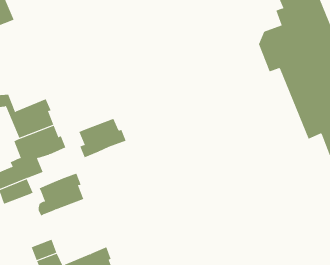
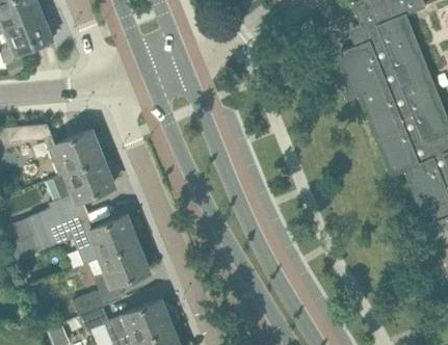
building: [78,118,127,158] -> [94,245,149,291]

